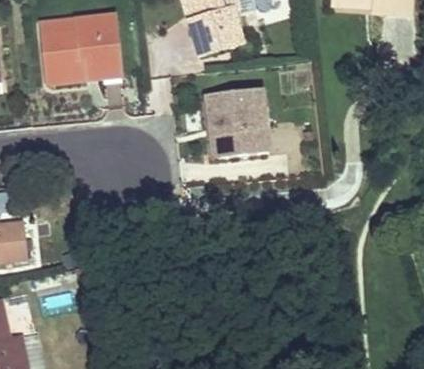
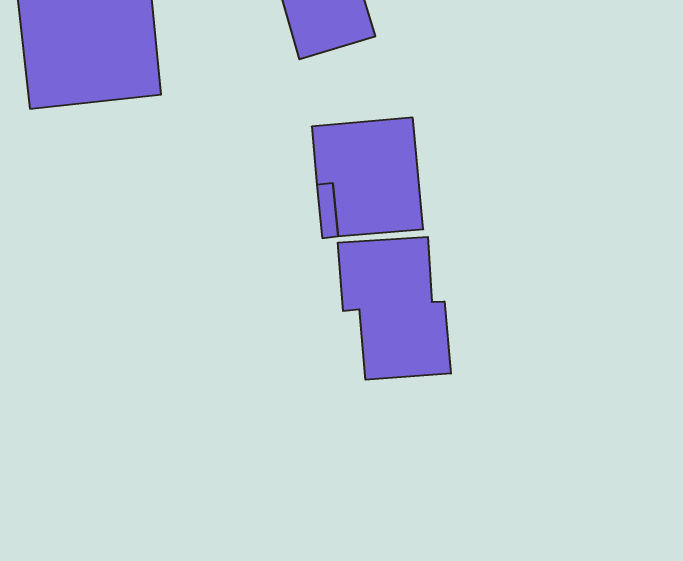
building: none -> [338,237,451,380]

